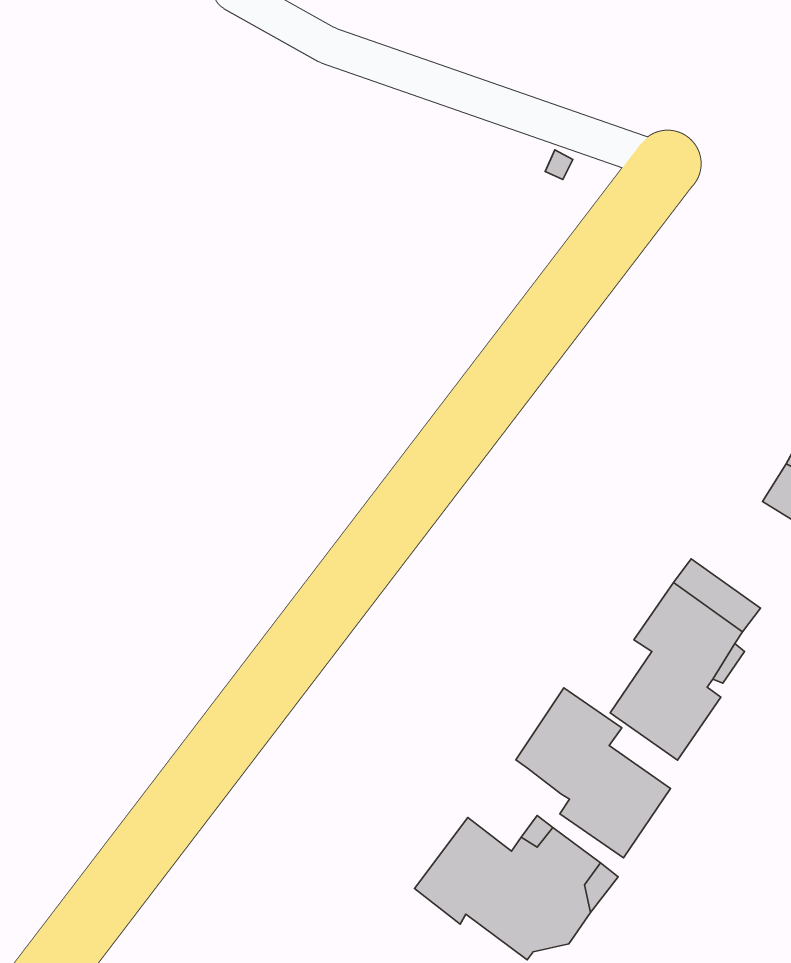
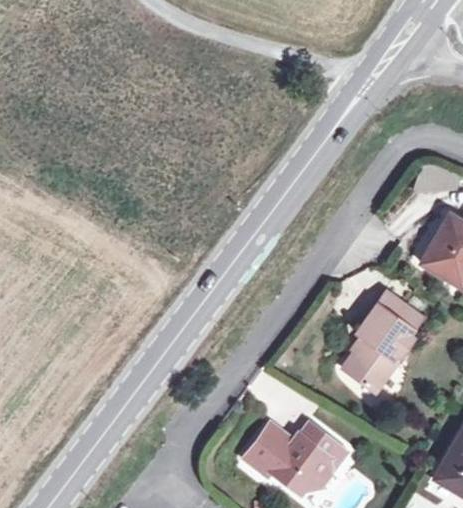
building: [516,688,670,858] -> none

